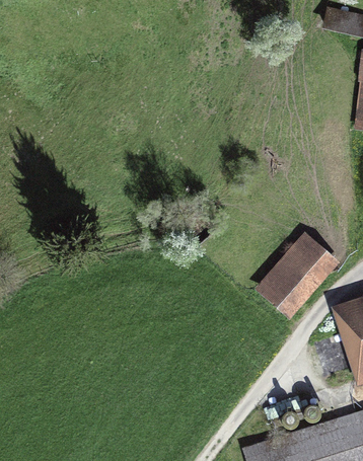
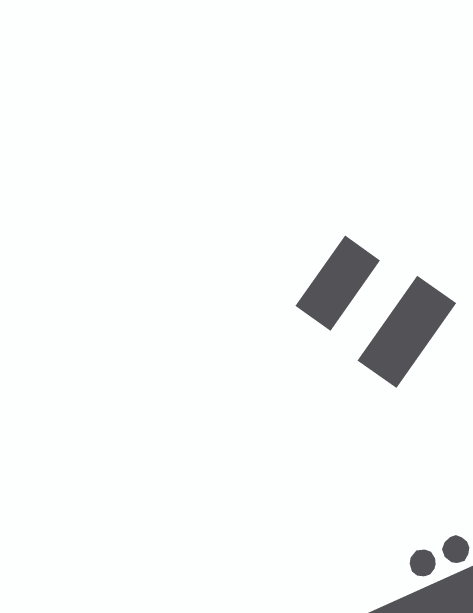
building: none -> [295,235,381,332]

